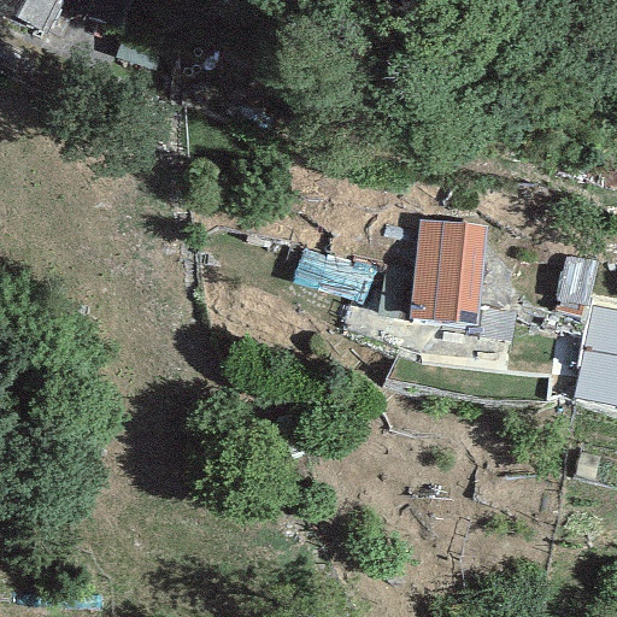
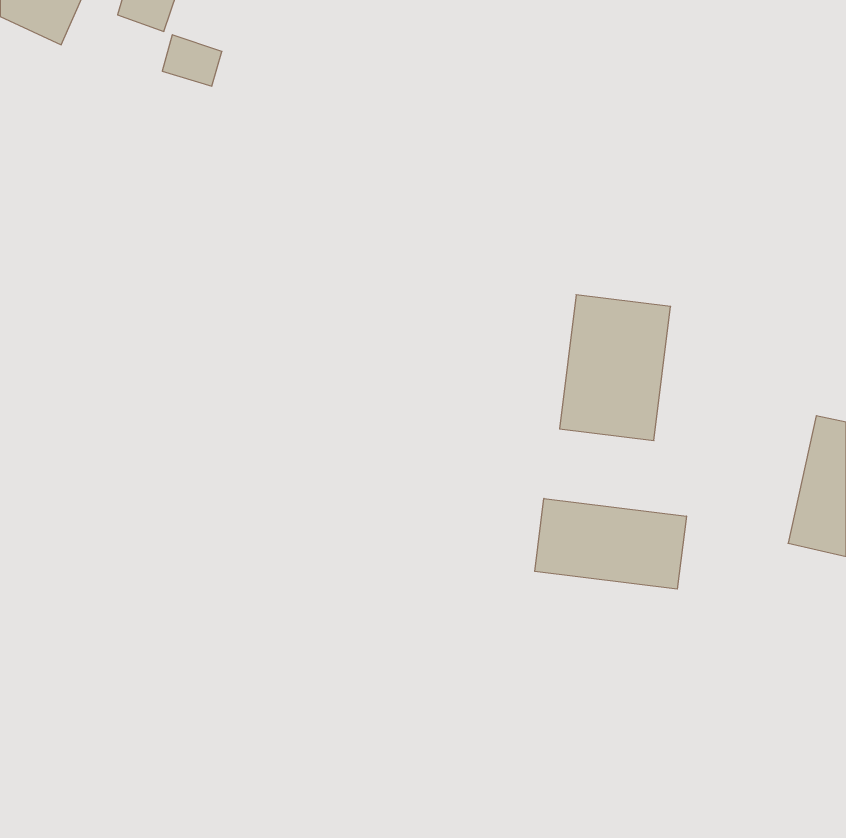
building: none -> [535,498,686,589]

